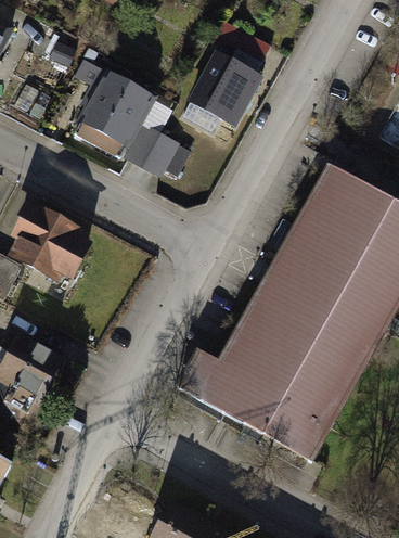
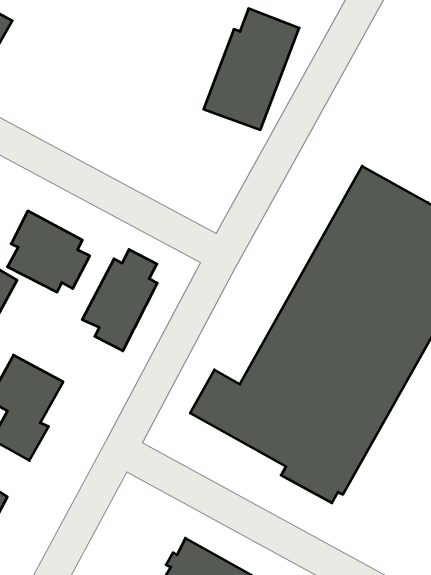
building: [81,75,177,169] -> none
building: none -> [82,249,157,351]

